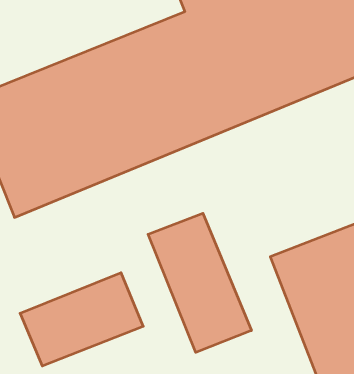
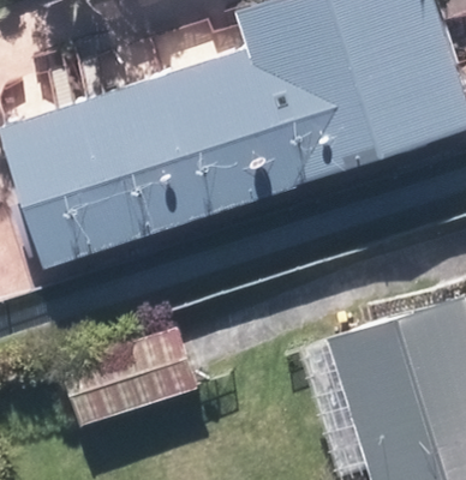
building: [148,213,251,352] -> none

